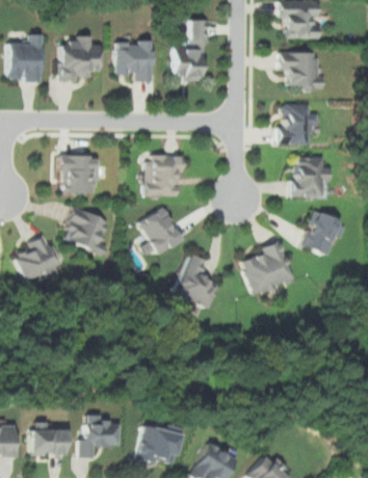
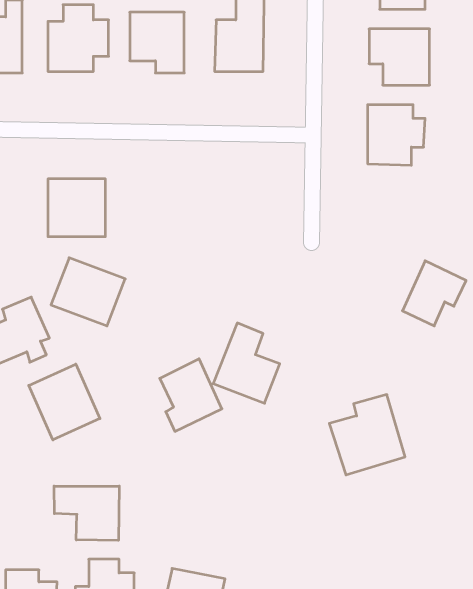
building: [144,154,182,195] -> none
building: [292,156,328,196] -> none
building: [139,207,182,257] -> [160,359,222,431]
building: [241,240,293,295] -> [329,395,405,475]
building: none -> [29,364,100,440]
building: none -> [54,486,119,540]

